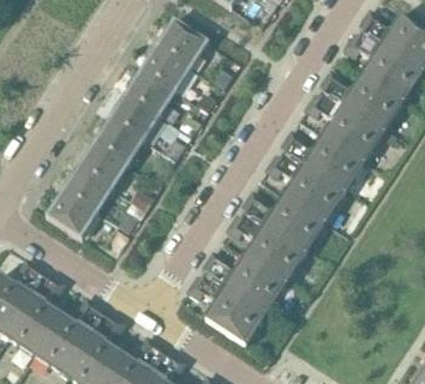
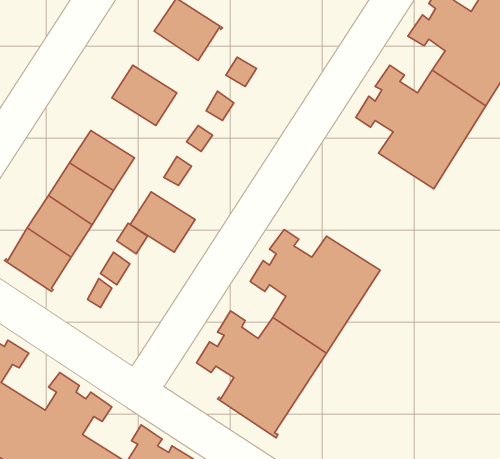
building: [142,46,190,91] -> none
building: [110,95,158,139] -> [130,192,195,252]
building: [267,131,364,222] -> none

